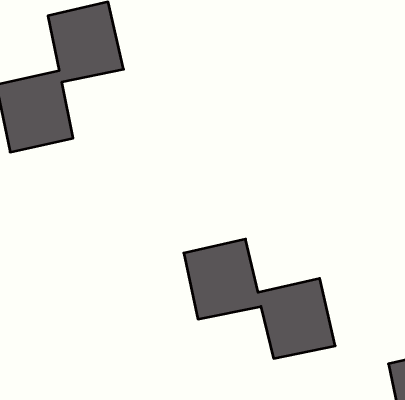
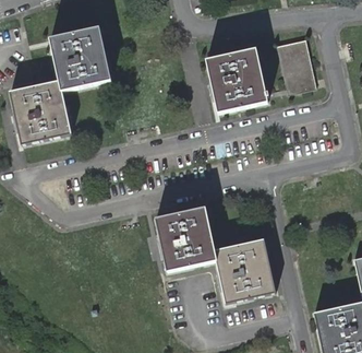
building: none -> [275,39,315,95]
building: none -> [205,50,265,113]

